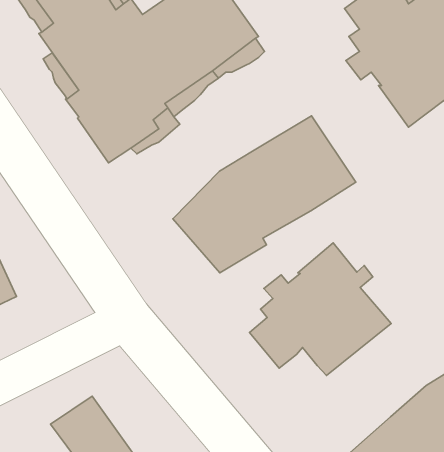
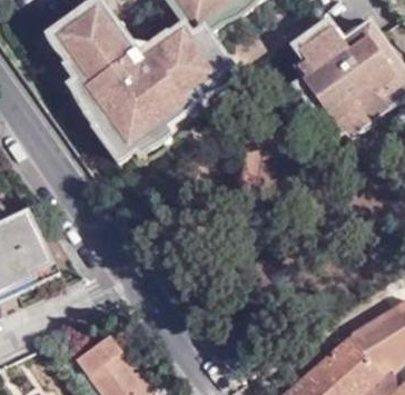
building: [173,116,356,273] -> none
building: [250,243,391,375] -> none

